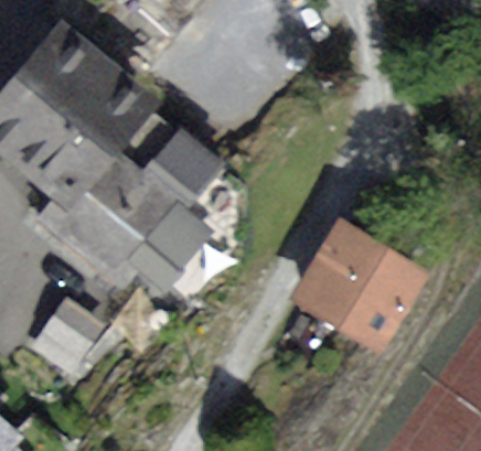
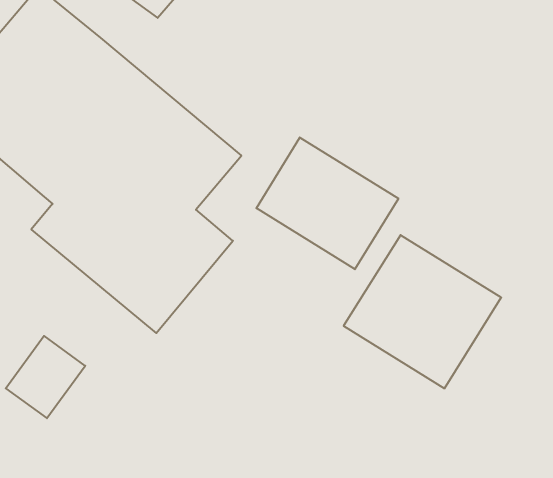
building: none -> [256,137,398,269]

